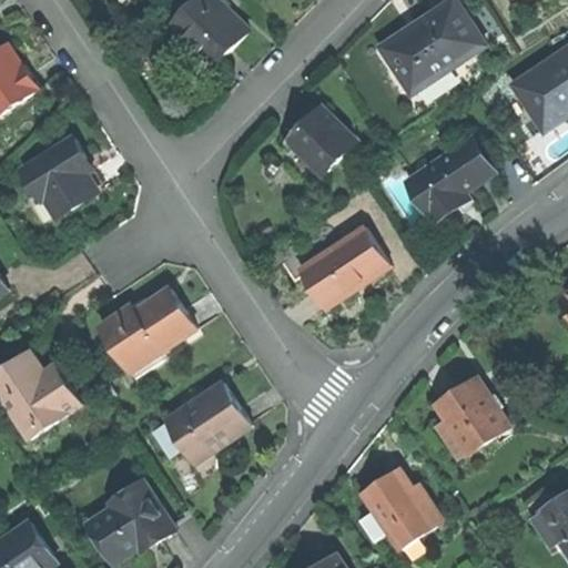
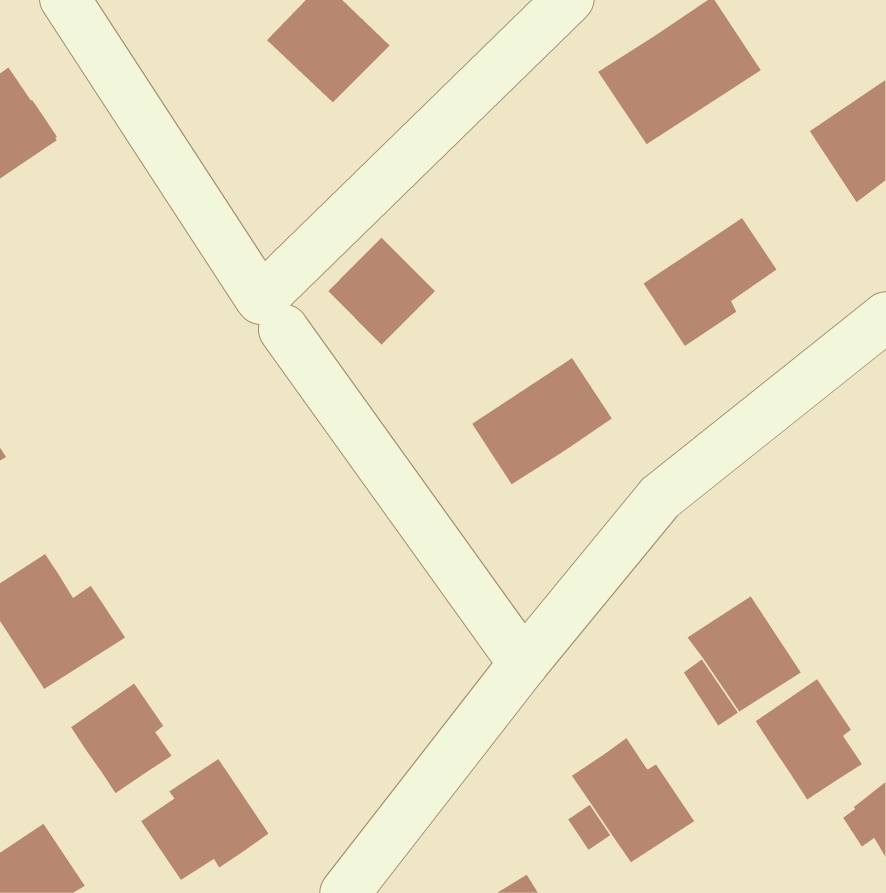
building: [286,105,355,174] -> [327,237,436,345]
building: [21,138,97,216] -> none
building: [99,287,194,376] -> none
building: [164,382,250,463] -> none
building: none -> [755,678,863,801]
building: none -> [70,682,172,794]

